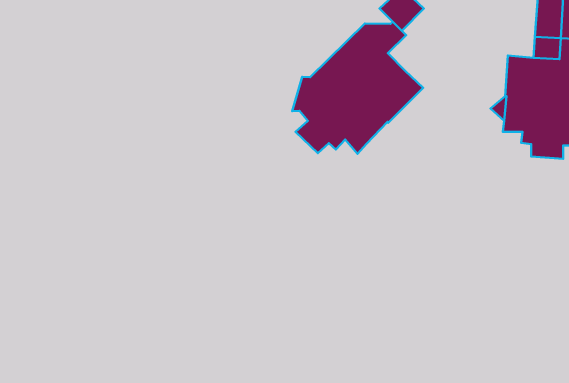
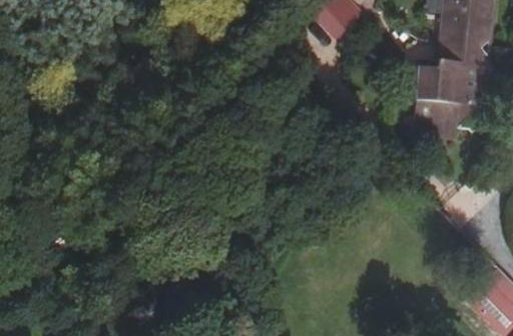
building: [292,22,423,154] -> none

